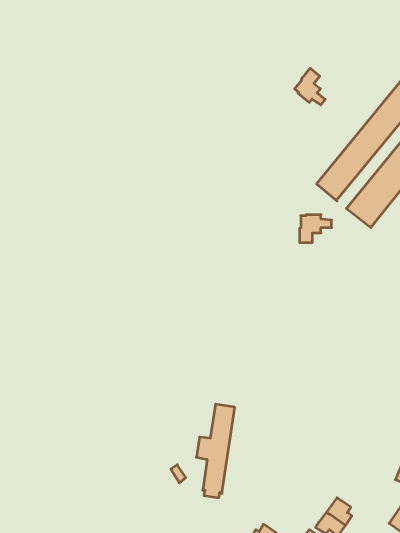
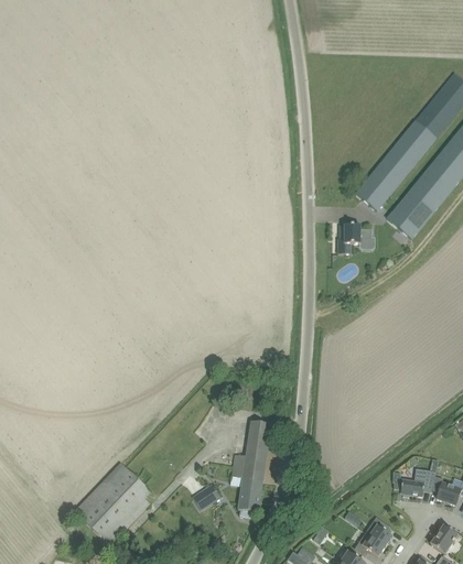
building: [295,68,325,105] -> none
building: none -> [74,462,152,545]
building: none -> [401,467,437,496]

